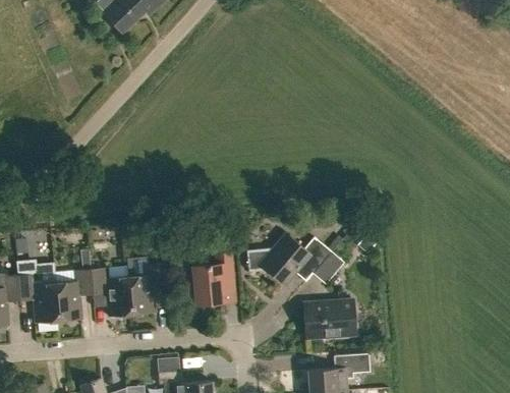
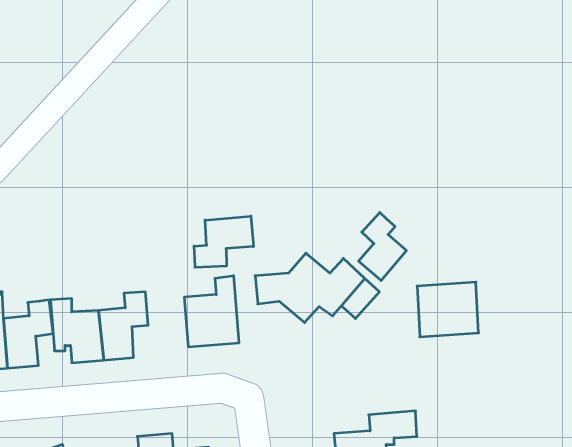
building: none -> [359,212,406,281]
building: none -> [194,216,253,267]
building: [305,297,352,339] -> [417,282,479,337]

